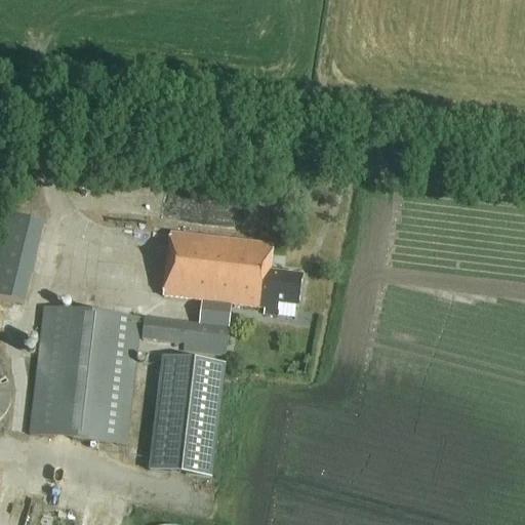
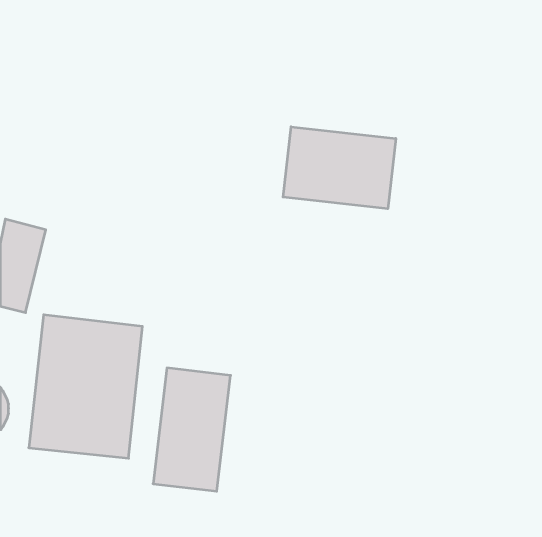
building: none -> [283,127,396,209]
building: [143,230,304,354] -> none

